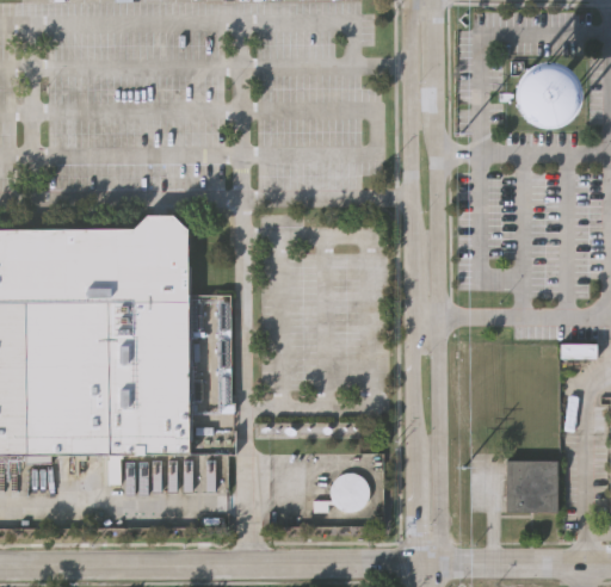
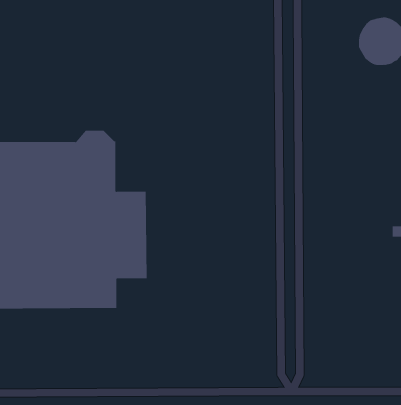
building: [506,461,556,513] -> none
building: [325,471,365,512] -> none

